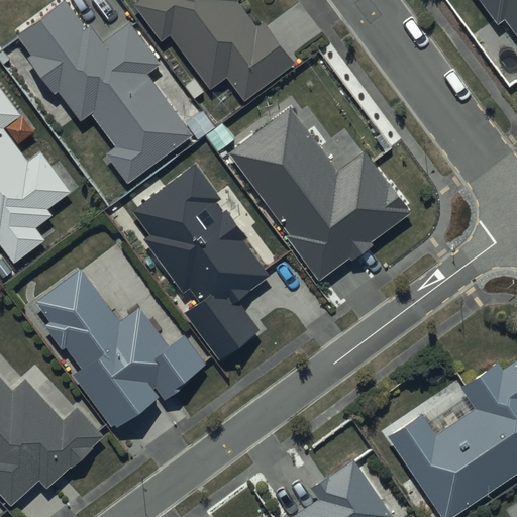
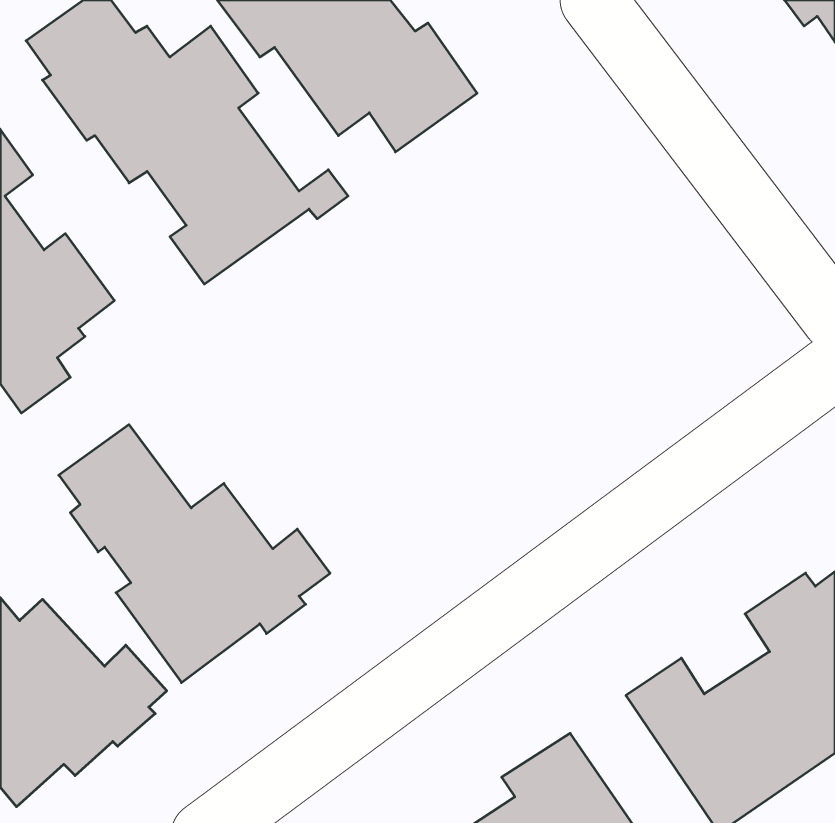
building: [230,110,410,281] -> none
building: [132,165,268,358] -> none

